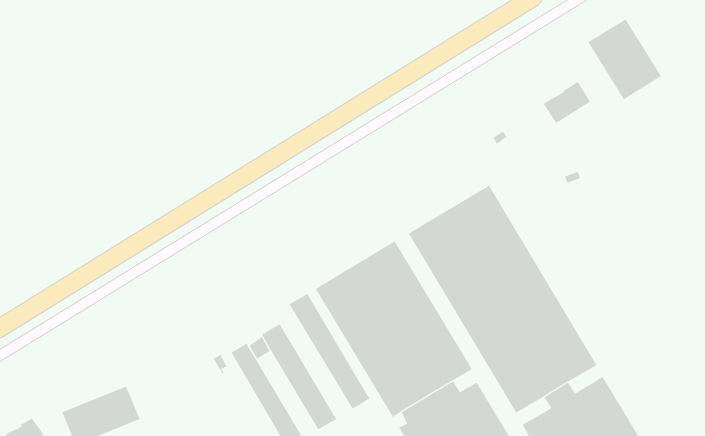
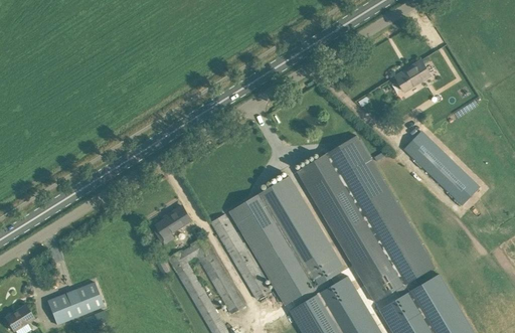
building: [587,19,662,100] -> none
building: none -> [410,138,480,205]
building: none -> [155,206,191,244]

